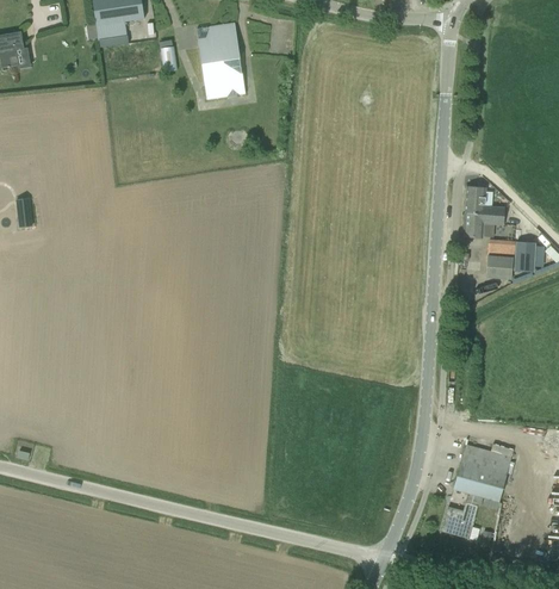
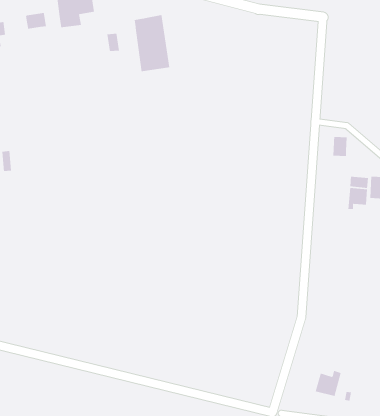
building: none -> [25,12,47,30]
building: [462,206,504,238] -> none
building: [455,444,515,501] -> none

